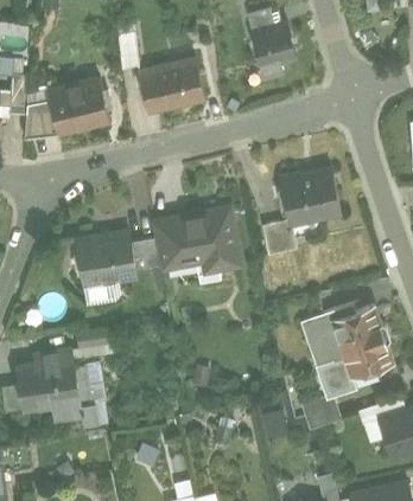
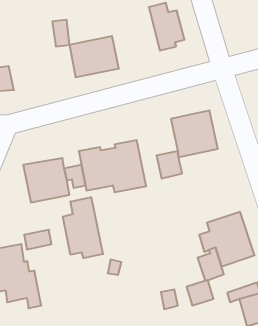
building: [52,77,108,131] -> none
building: none -> [63,197,103,258]

